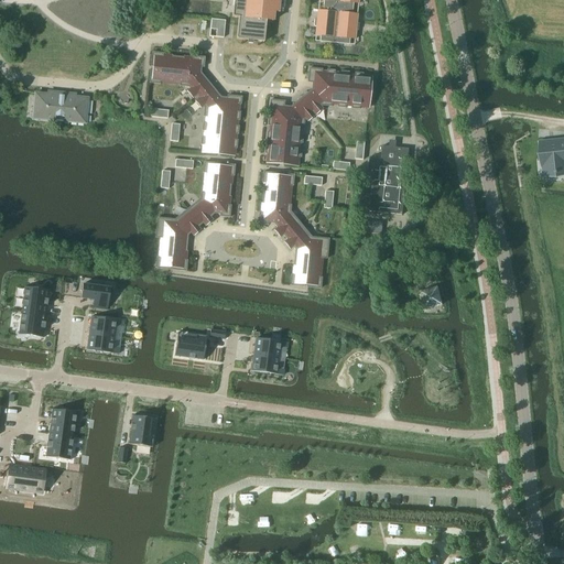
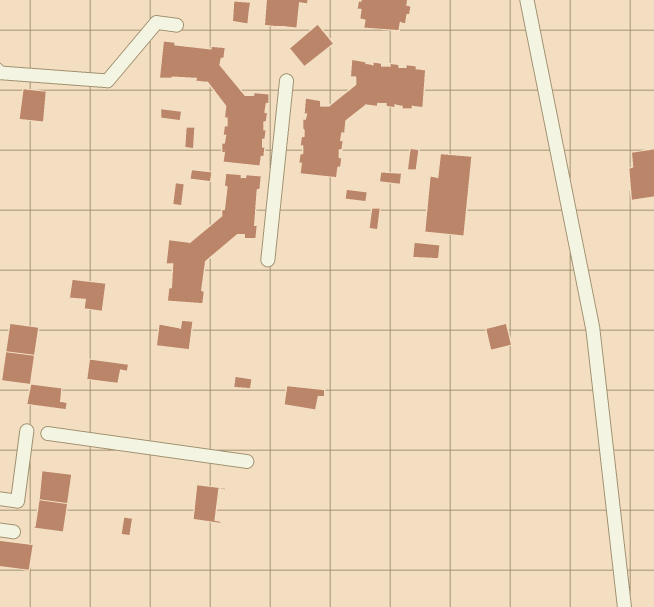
building: none -> [289,24,334,67]
building: [55,90,89,121] -> none
building: [260,171,330,286] -> none
building: [82,282,112,308] -> [69,279,106,311]
building: [87,332,121,352] -> [26,384,67,409]
building: [176,334,207,358] -> [156,320,193,350]
building: [252,352,285,373] -> none
building: [130,414,158,446] -> [193,485,226,523]

